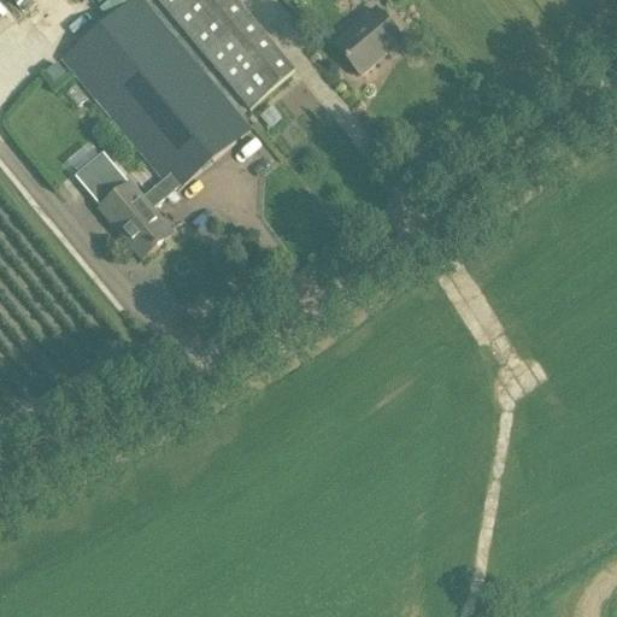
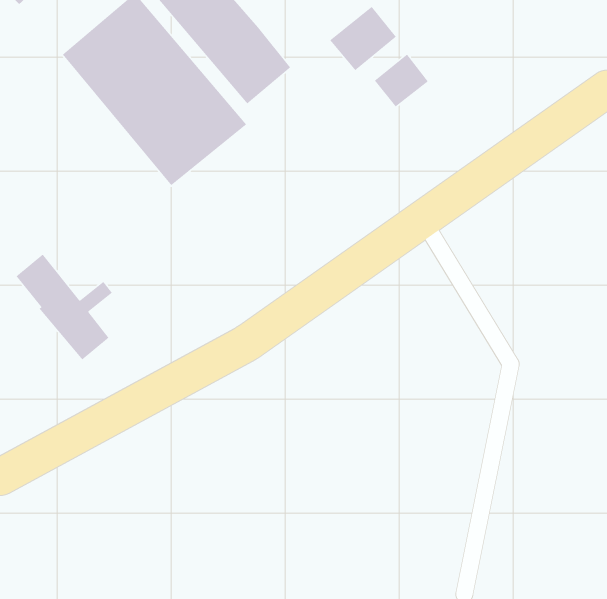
building: none -> [374,53,429,108]
building: [75,149,174,258] -> [16,254,113,360]

